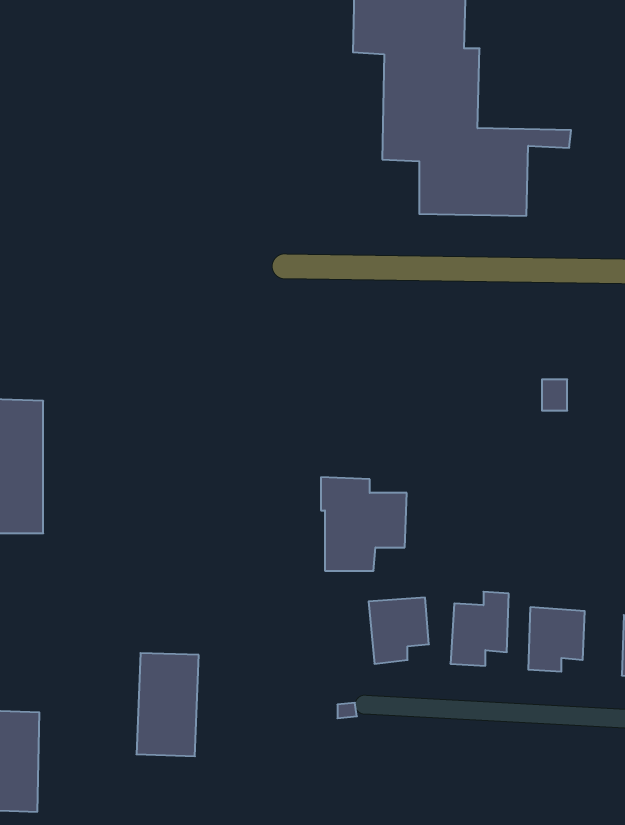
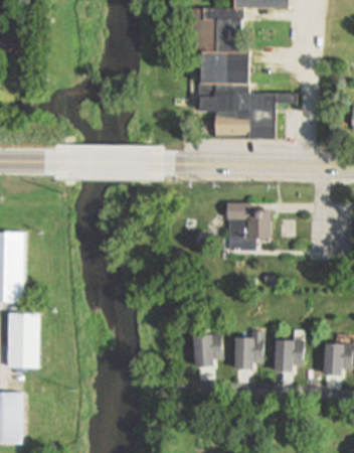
building: [321,477,407,571] -> [227,201,272,250]
building: [136,653,199,756] -> [6,315,38,368]

